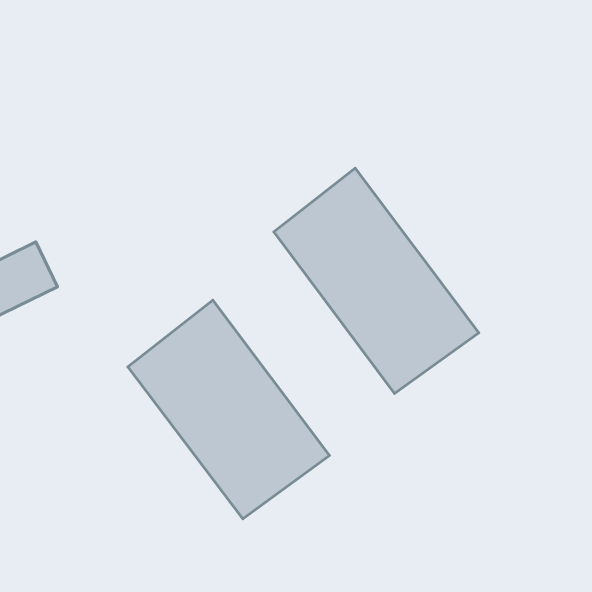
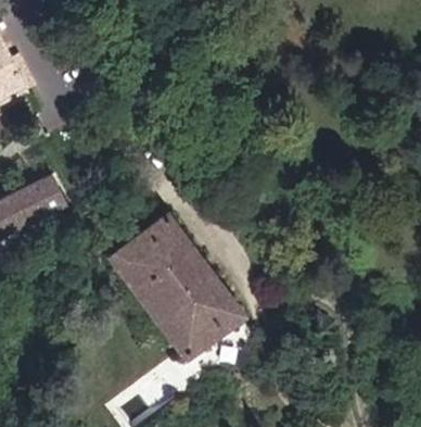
building: [274,168,479,393] -> none

